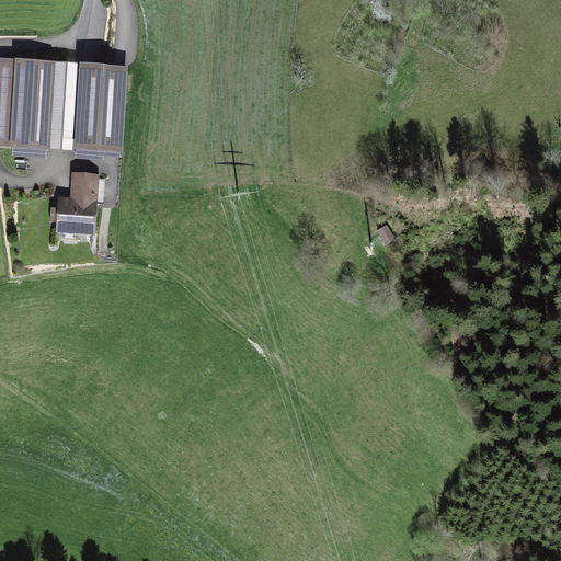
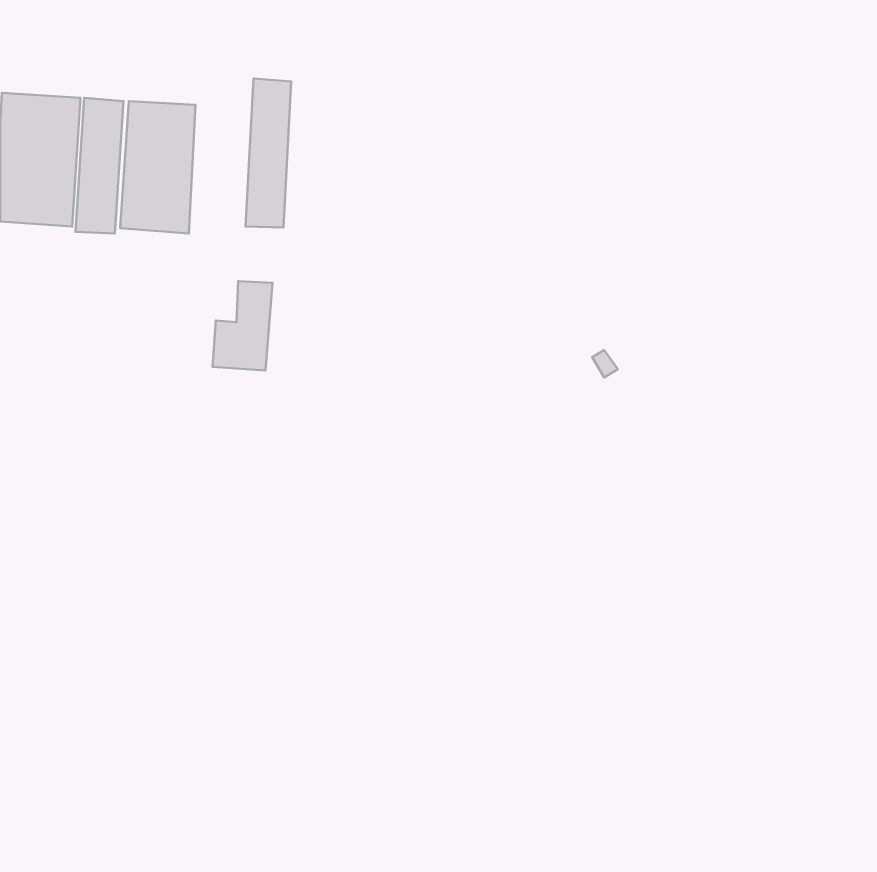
building: none -> [246,79,291,227]
building: [58,173,96,230] -> [212,281,272,370]

